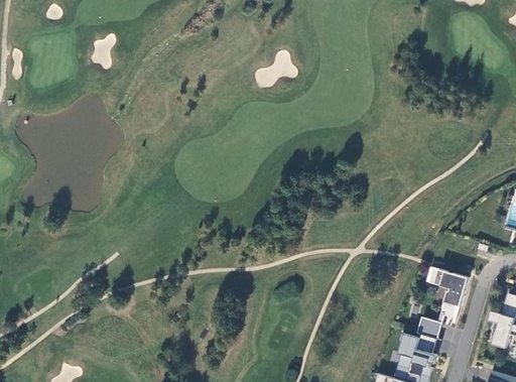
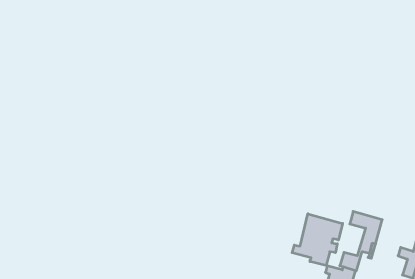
building: none -> [292,214,343,266]

